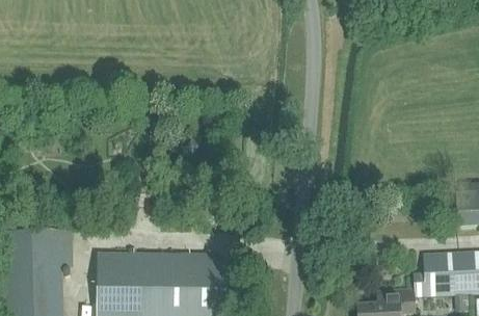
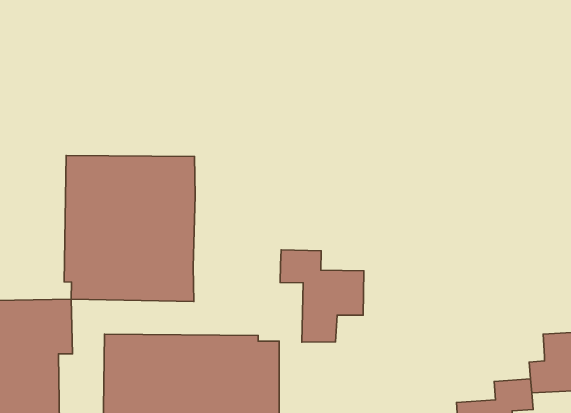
building: none -> [64,156,195,301]
building: none -> [280,250,364,342]

